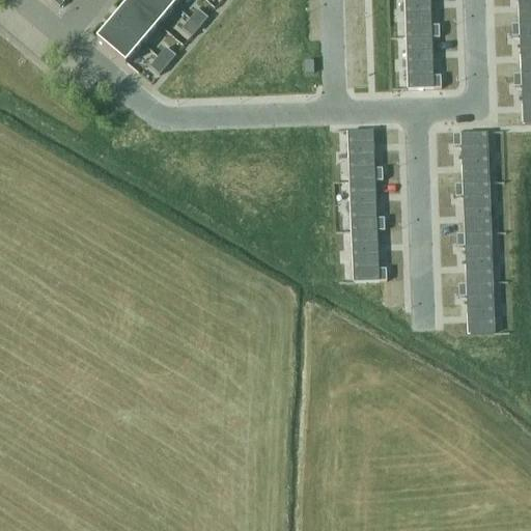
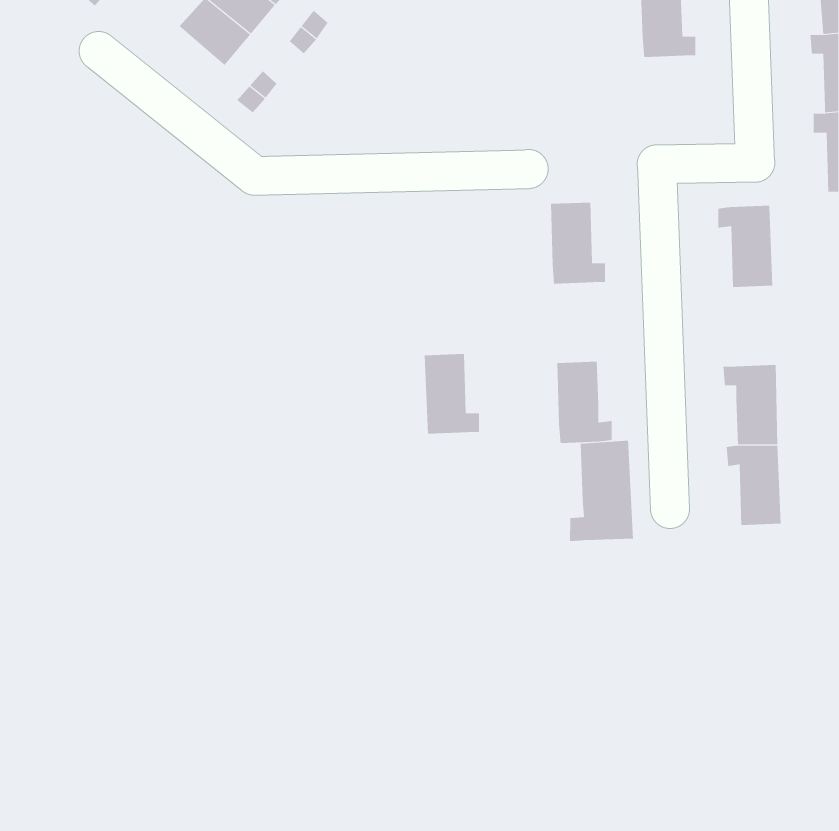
building: [97,17,142,60] -> none
building: [407,35,442,87] -> none
building: [350,178,385,229] -> [424,354,480,434]
building: [455,180,491,231] -> none
building: none -> [570,440,633,542]

